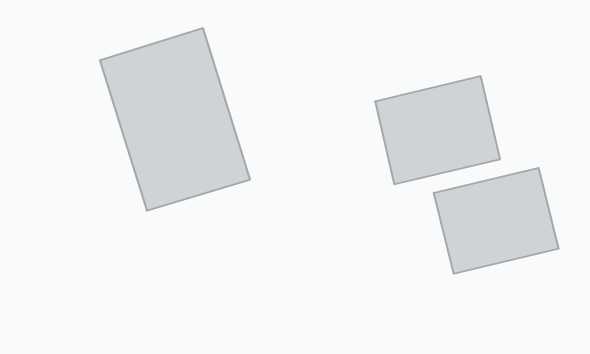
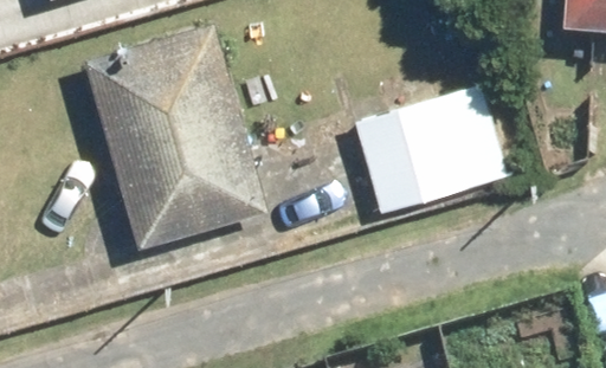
building: [434,168,559,274] -> none

